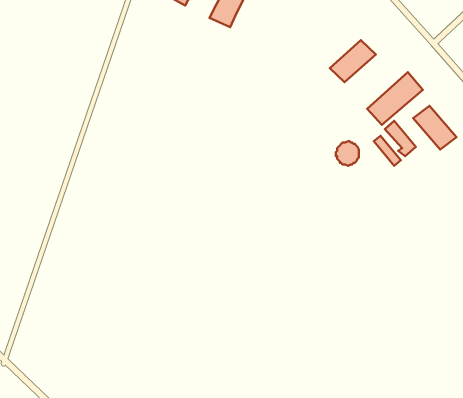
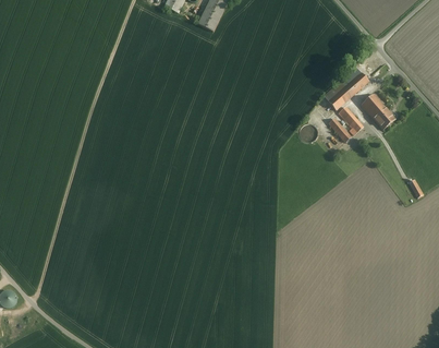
building: [330,40,376,82] -> none

